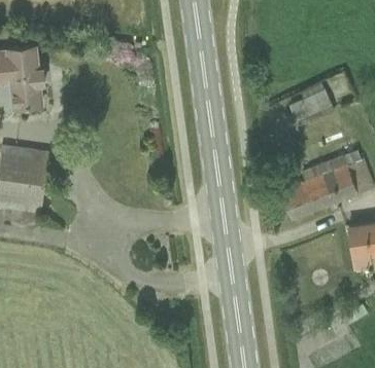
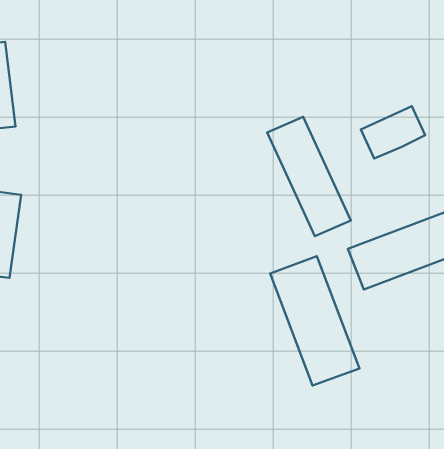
building: none -> [267,117,351,236]
building: none -> [270,256,359,386]

